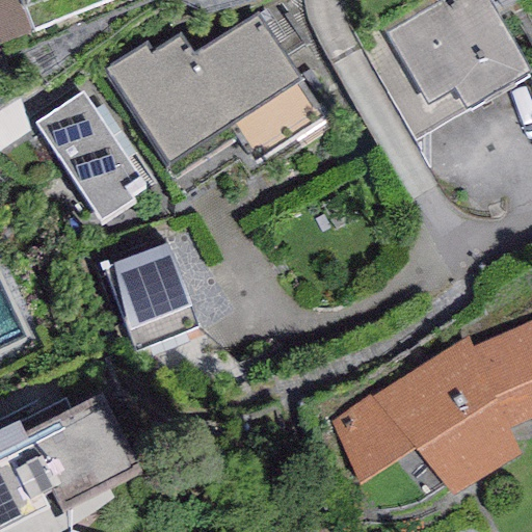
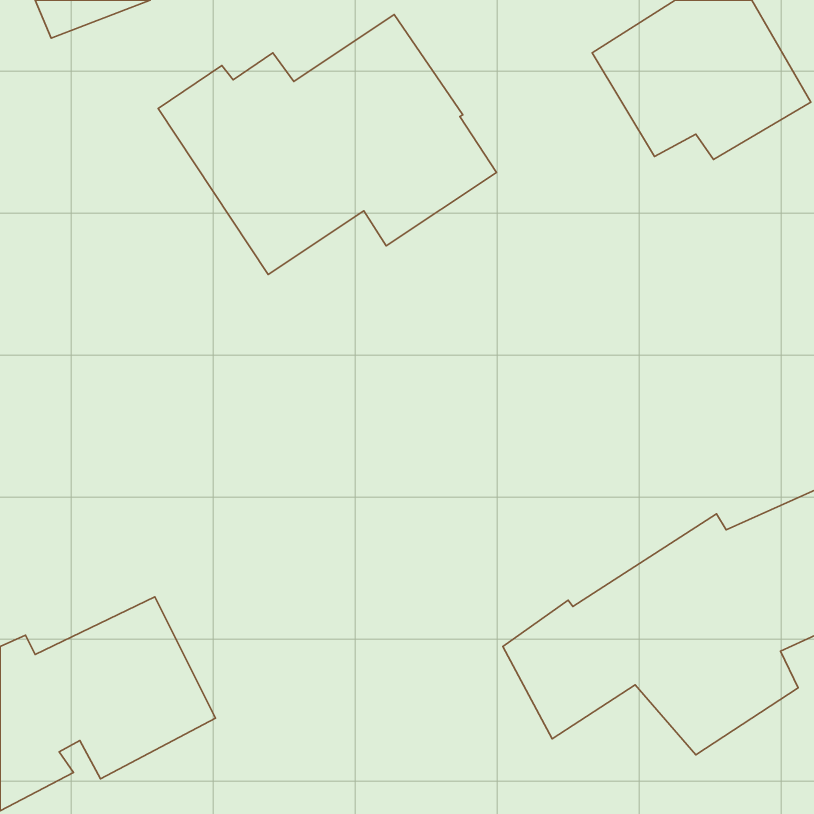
building: [35,89,143,216] -> none
building: [101,240,202,350] -> none

